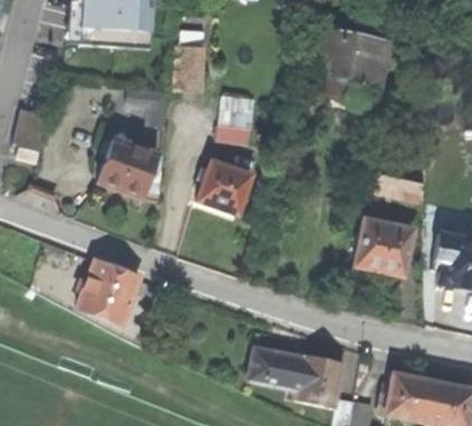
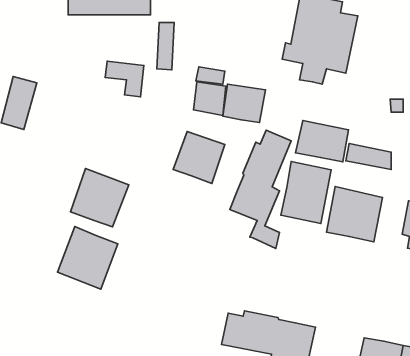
building: none -> [223,84,265,122]
building: [97,137,157,197] -> [70,169,129,227]
building: none -> [296,121,349,162]
building: none -> [230,130,291,248]
building: none -> [281,162,331,223]

